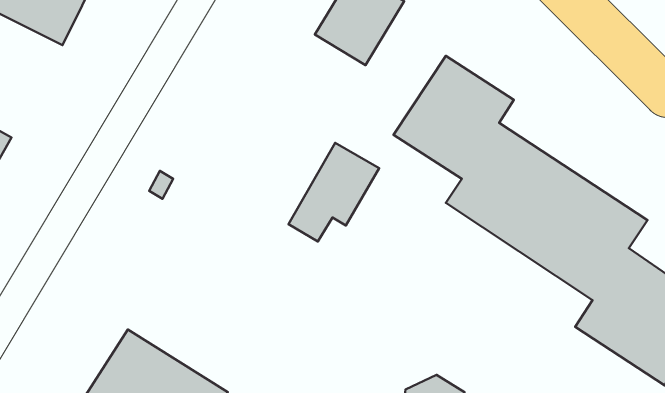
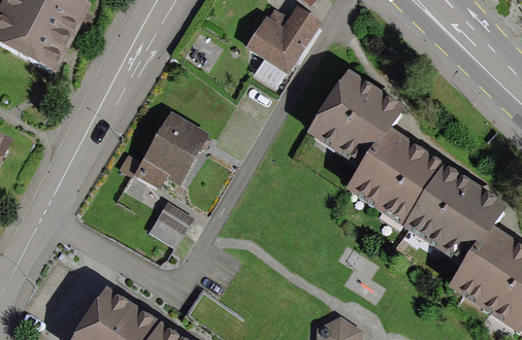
building: [288,143,379,241] -> [137,124,207,200]
building: none -> [151,210,191,253]

